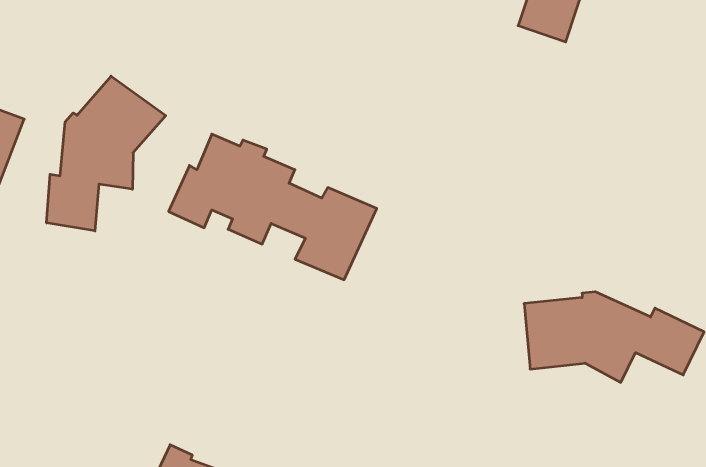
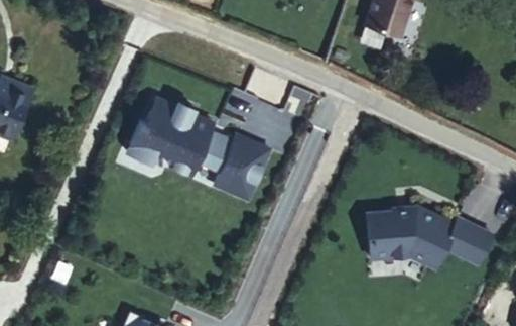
building: [47,76,166,231] -> none

